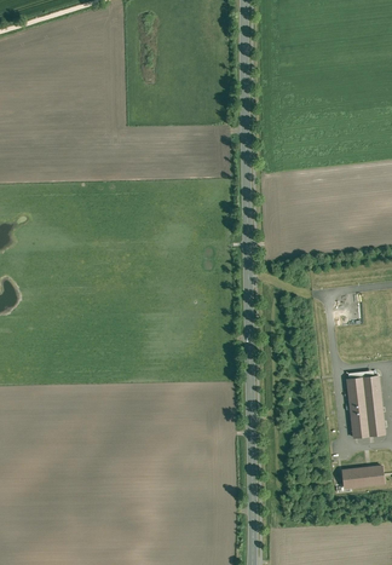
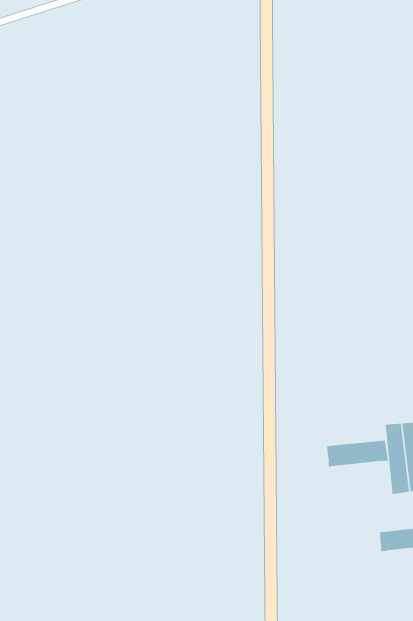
building: none -> [327,440,388,467]

